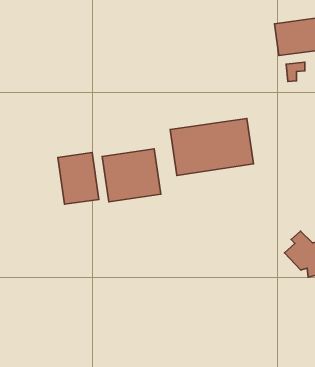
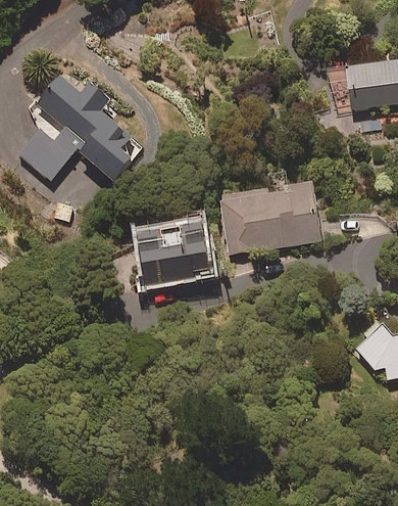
building: none -> [19,78,142,182]
building: [58,153,99,204] -> none

